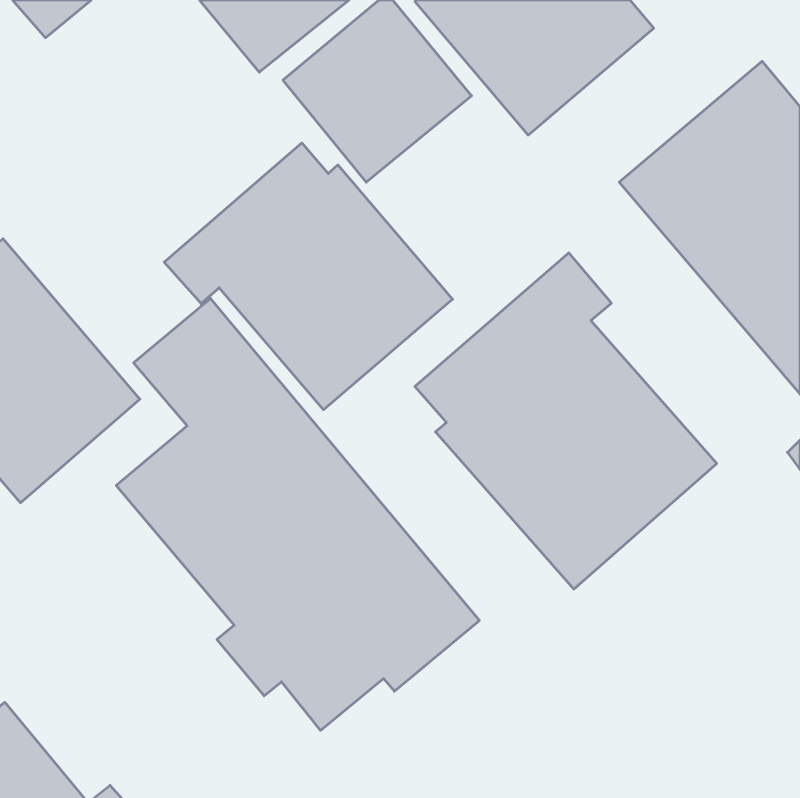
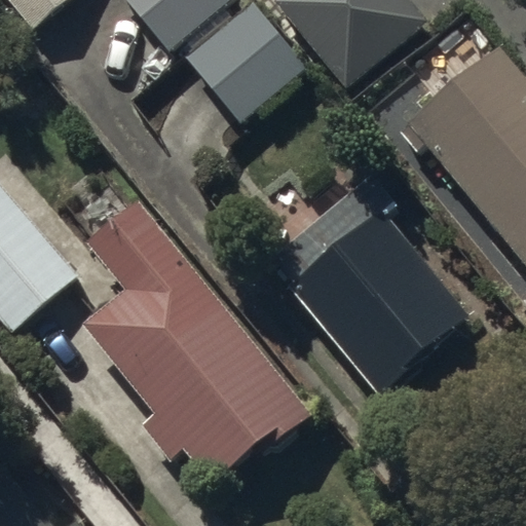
building: [164,143,453,410] -> none

